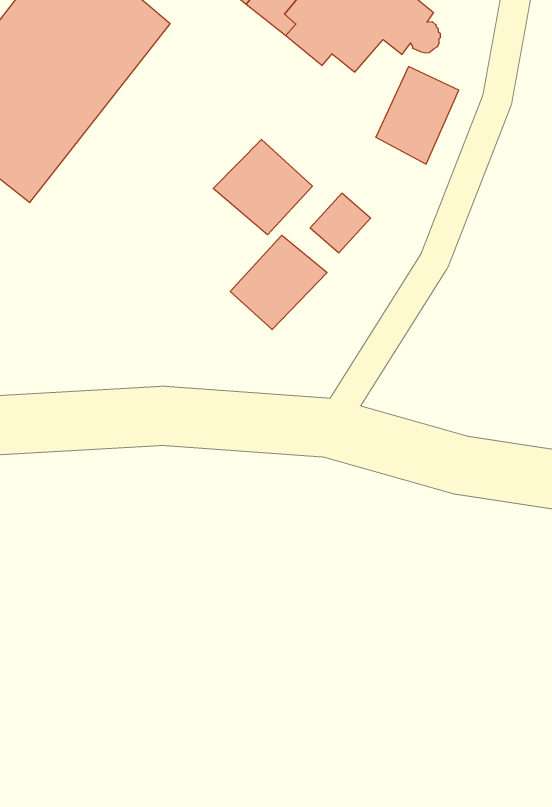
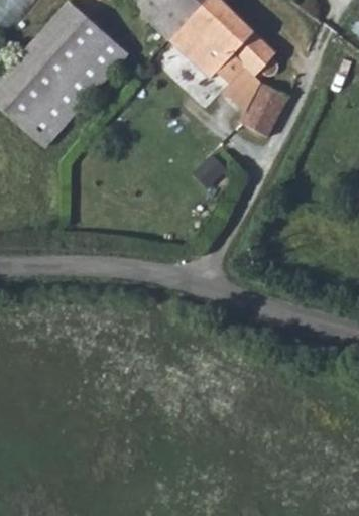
building: [213,139,312,235] -> none
building: [230,235,327,330] -> none

